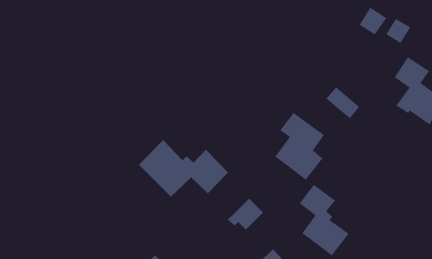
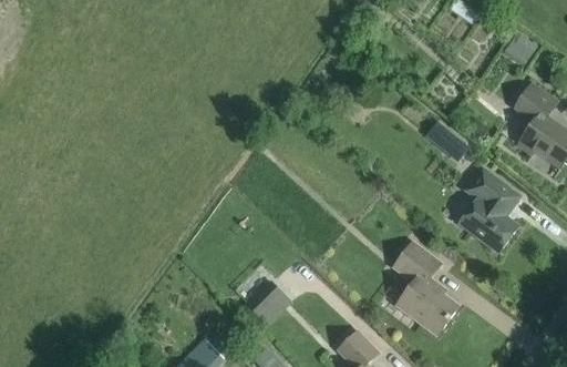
building: [274,112,325,181] -> [457,164,523,253]
building: [138,139,229,197] -> none
building: [227,198,264,231] -> [243,279,290,322]

